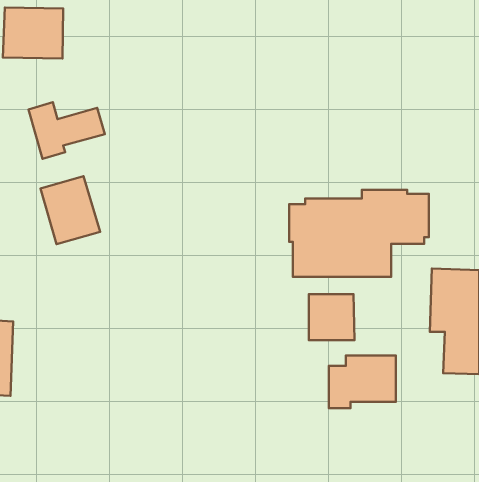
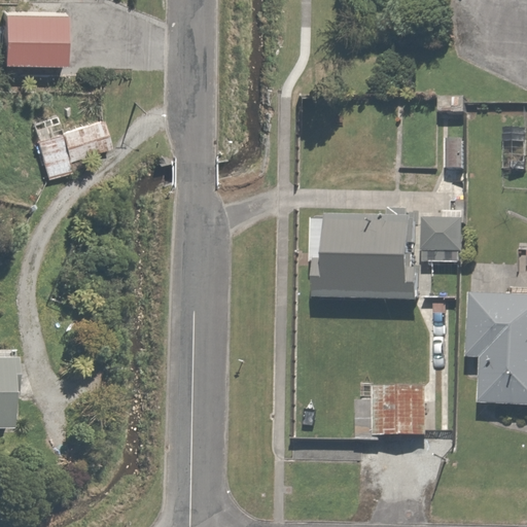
building: [40,176,100,244] -> none
building: [309,294,354,340] -> none

